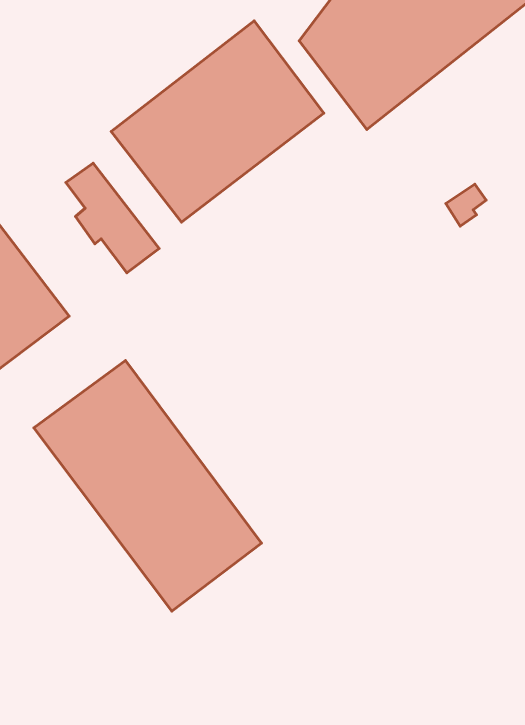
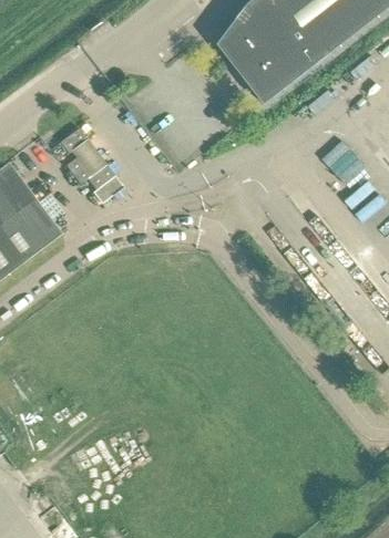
building: [111,21,324,222] -> none
building: [34,361,262,611] -> none

